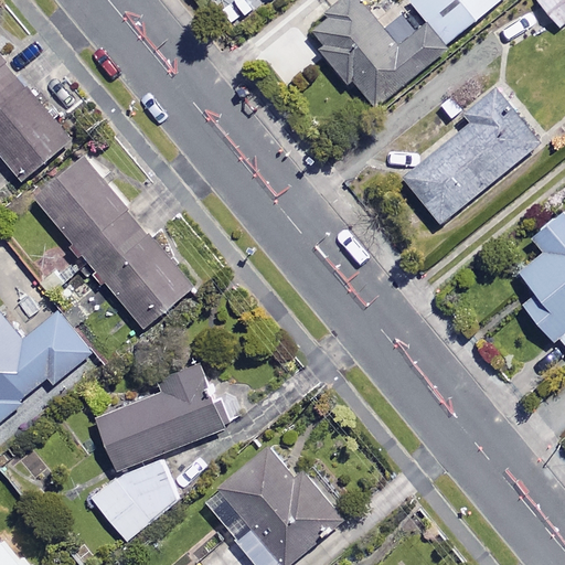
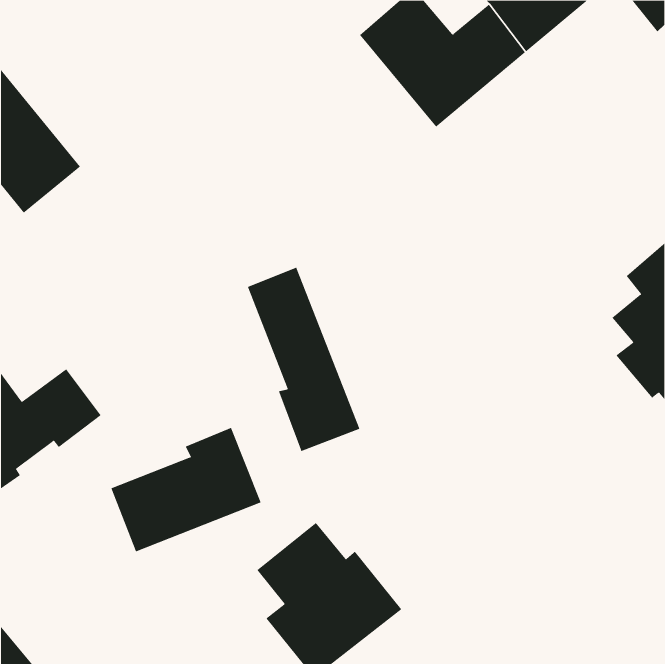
building: [403,89,535,223] -> none
building: [33,158,193,329] -> none
building: none -> [247,267,360,452]
building: [93,454,185,541] -> none

